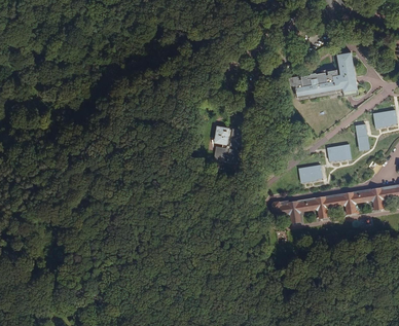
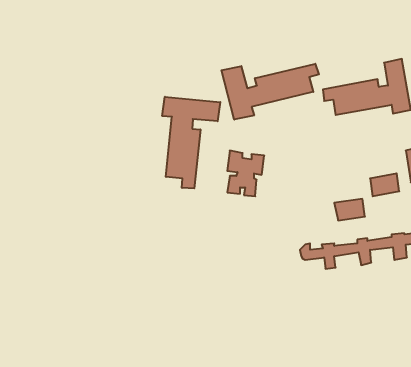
building: none -> [221,64,319,120]
building: none -> [162,97,220,188]

